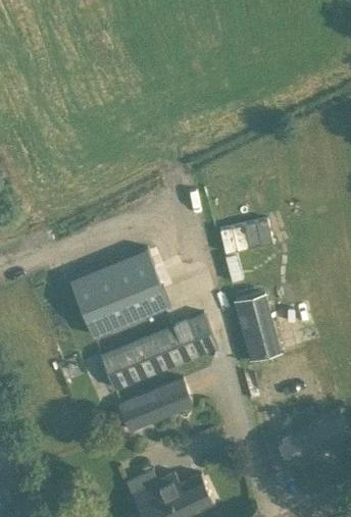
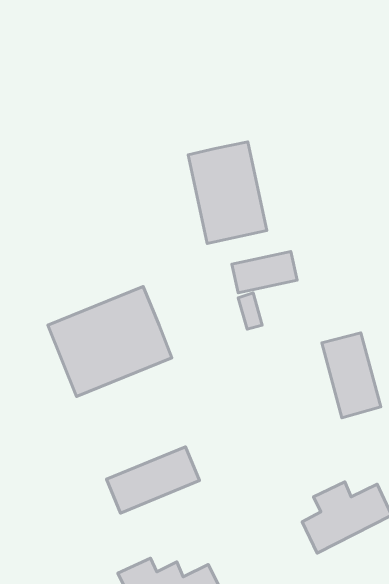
building: none -> [188,142,267,243]
building: [235,293,283,362] -> [322,333,381,418]
building: [100,314,217,392] -> none

